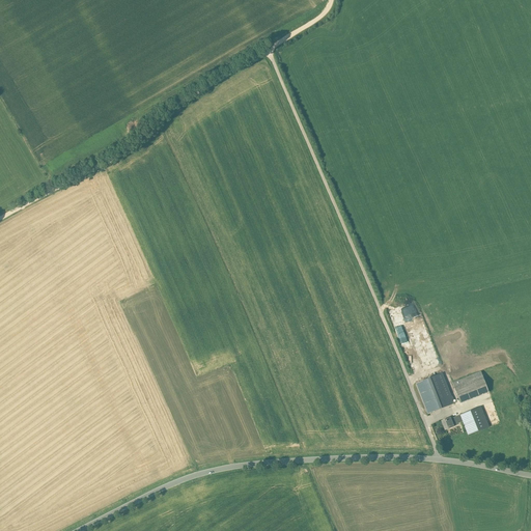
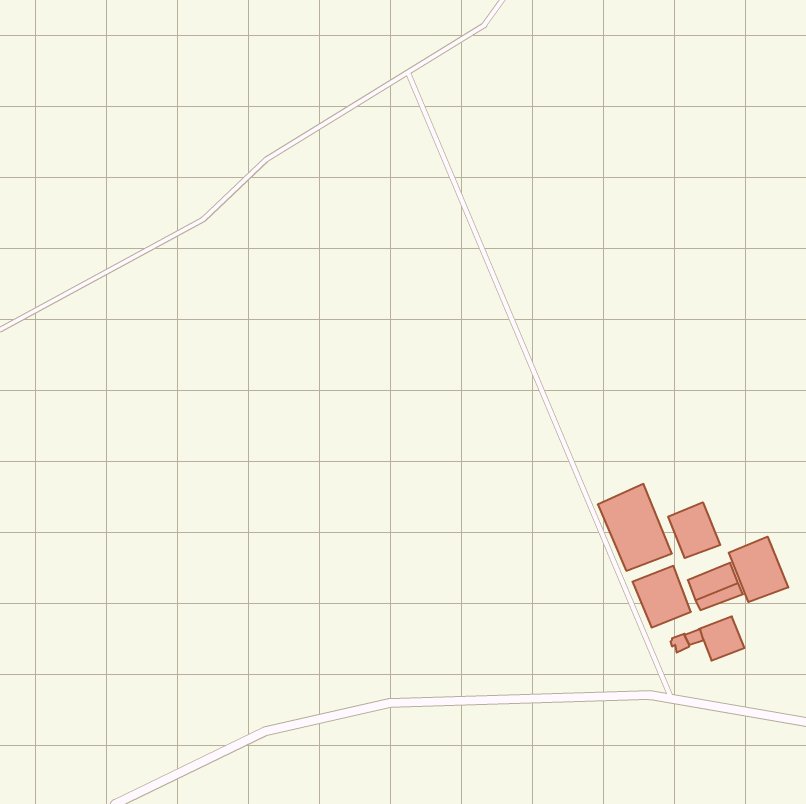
building: none -> [668,502,720,558]
building: none -> [729,537,788,602]

